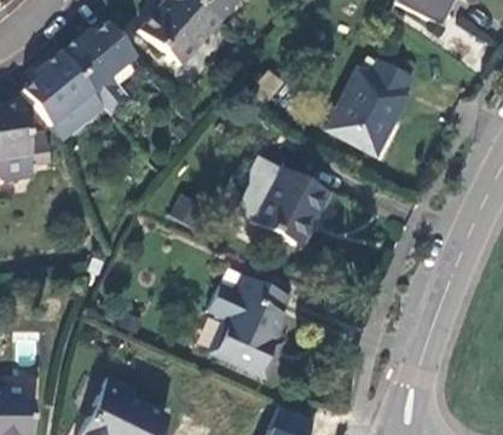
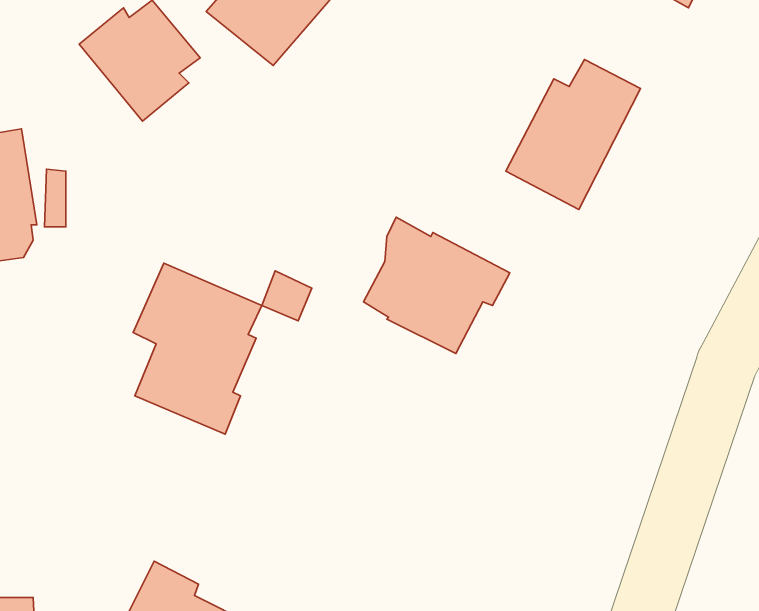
building: [23,51,100,127] -> none
building: [212,269,293,377] -> [133,263,262,434]

